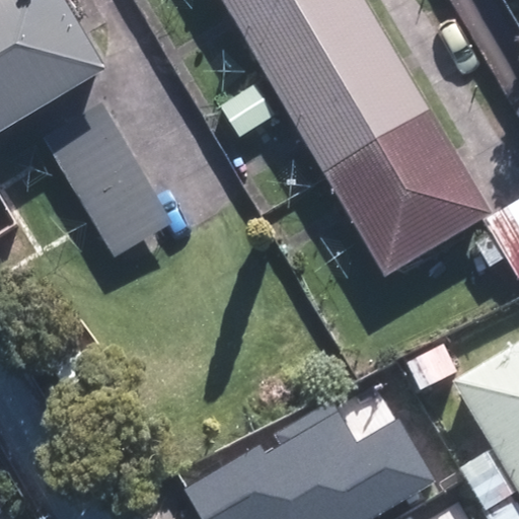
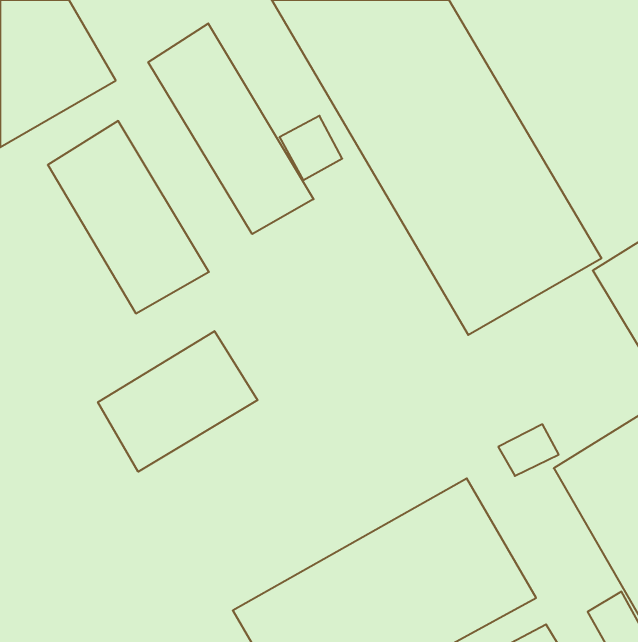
building: none -> [148,23,314,234]
building: none -> [98,331,258,472]

